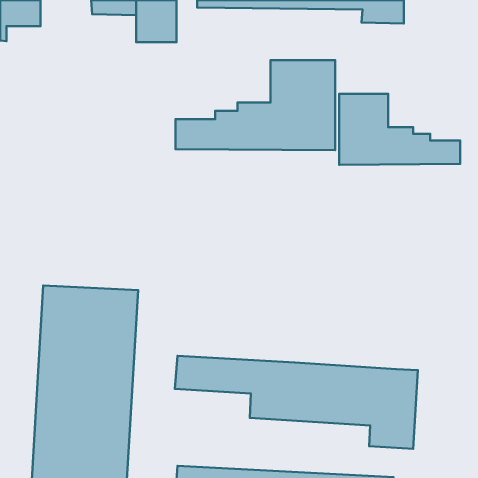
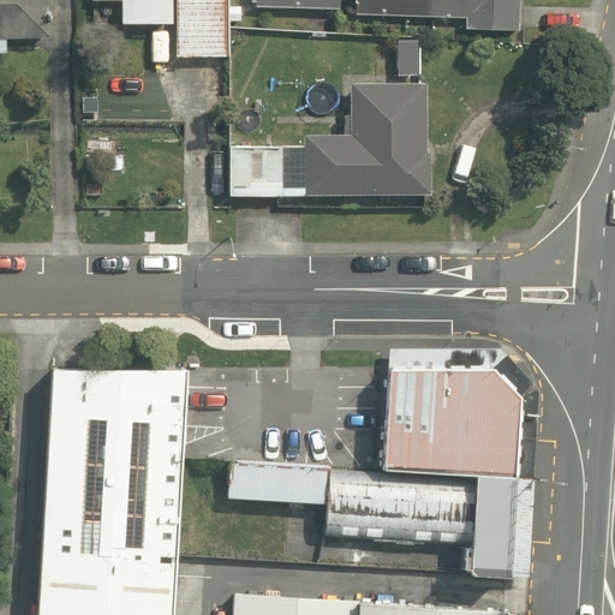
building: [339,94,460,165] -> none
building: none -> [380,350,515,474]

